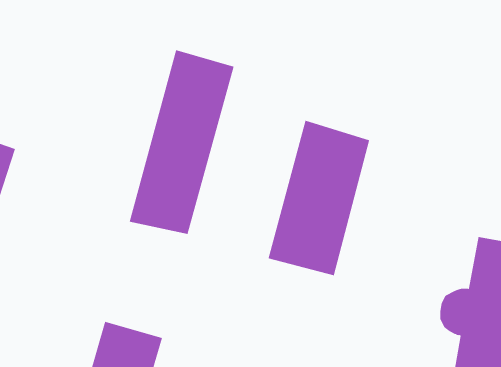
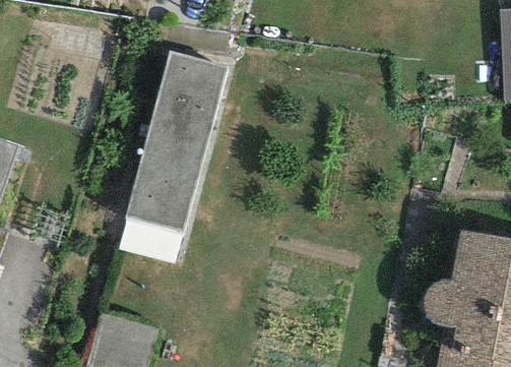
building: [268,120,370,276] -> none

